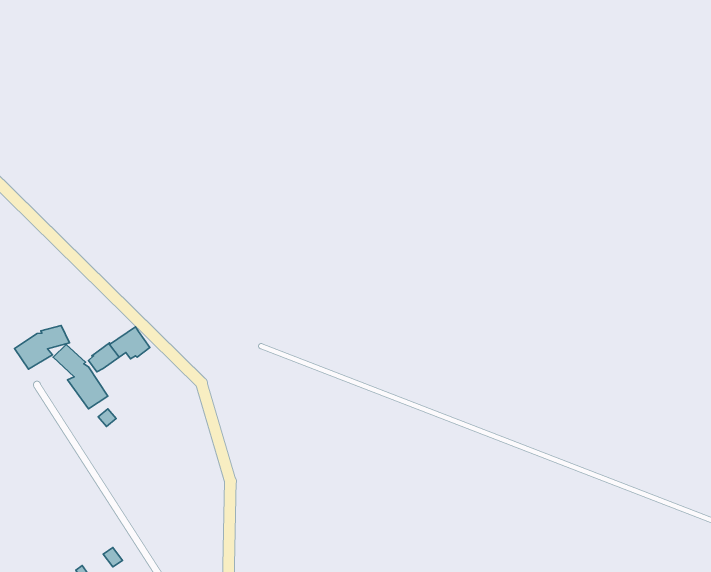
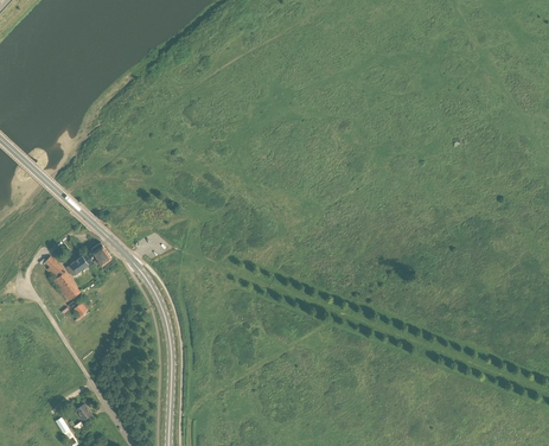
building: [15,325,70,369] -> none

